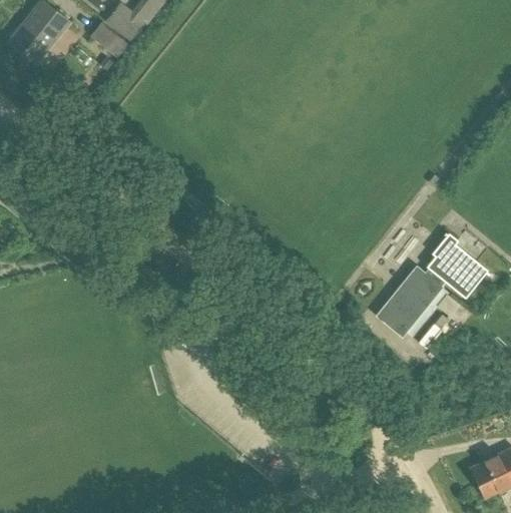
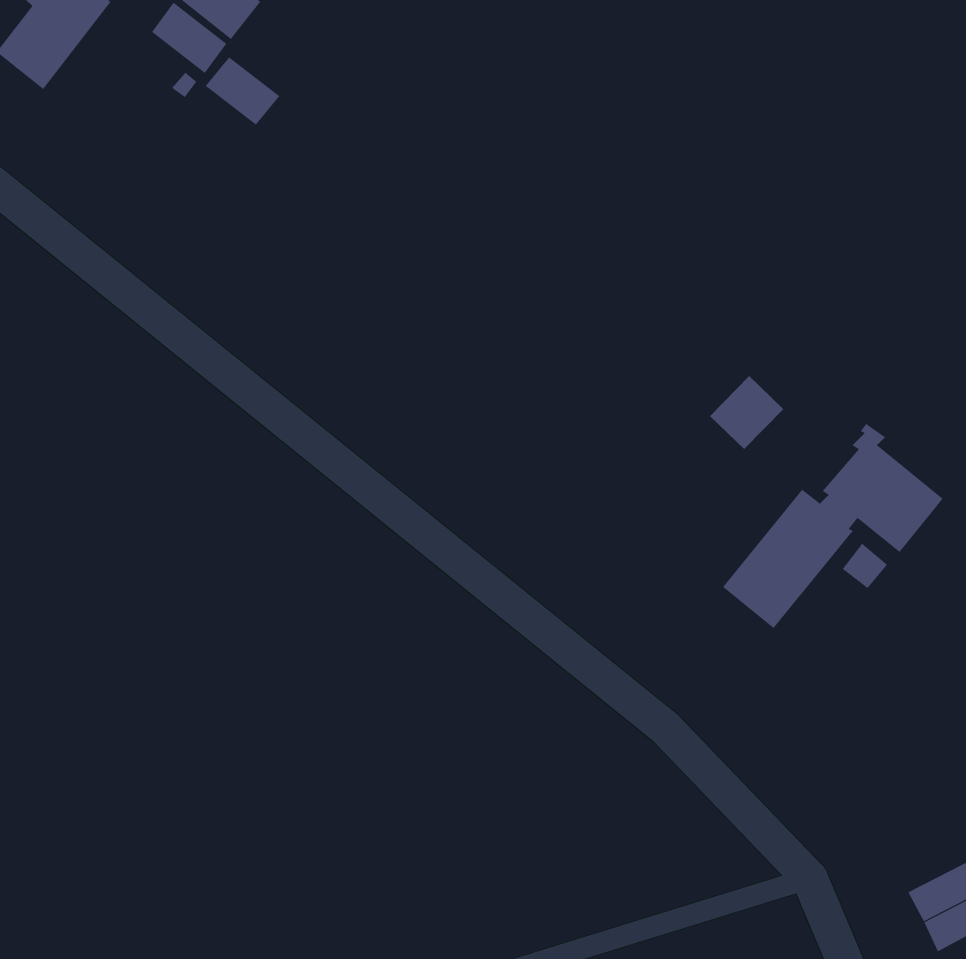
building: none -> [205,56,280,126]
building: none -> [709,375,784,450]

